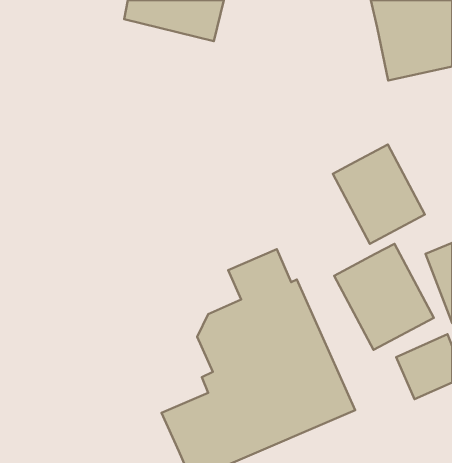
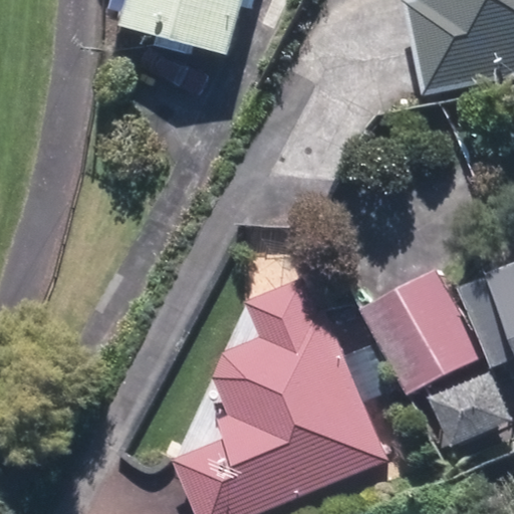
building: [333,144,425,244] -> none

